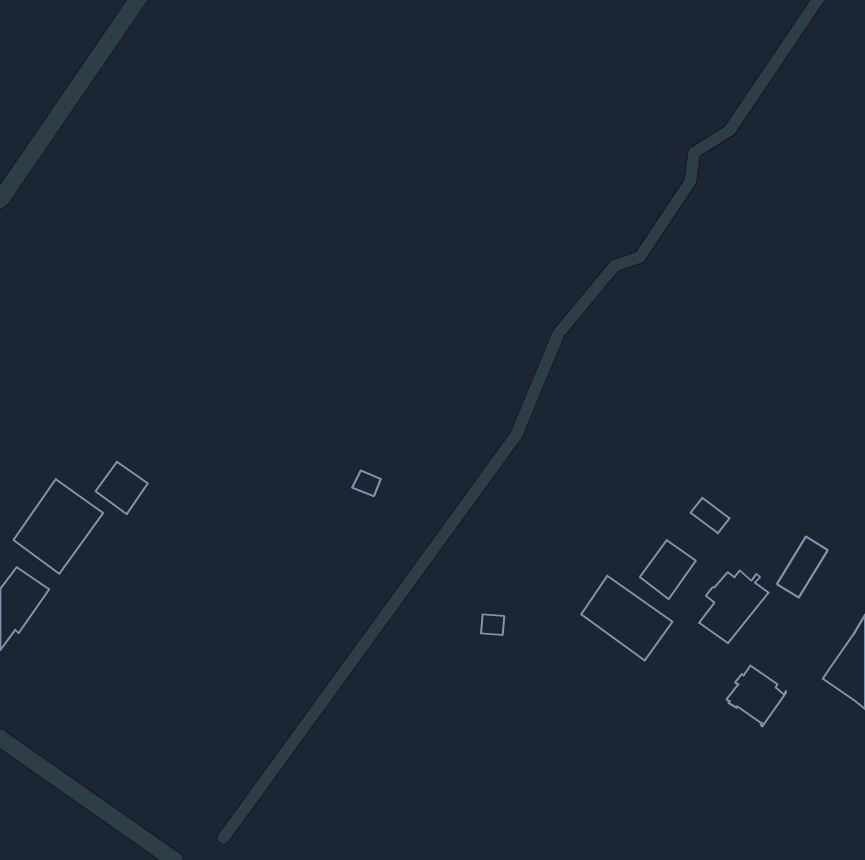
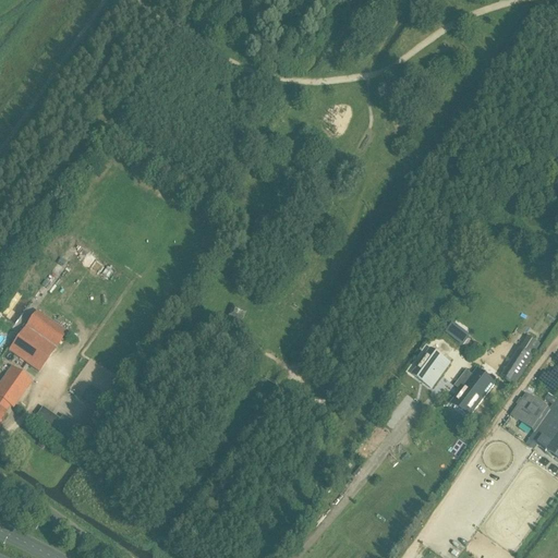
building: [96,462,148,514] -> none
building: [581,576,672,661] -> none
building: [727,666,786,727] -> [511,391,549,430]

